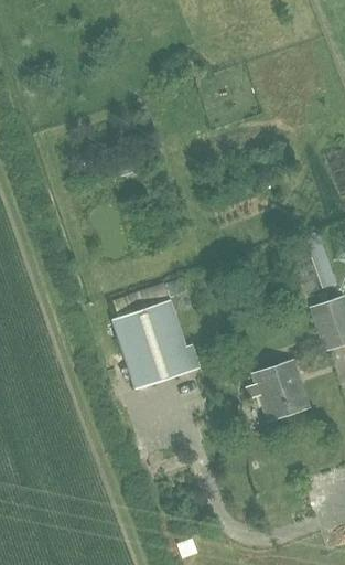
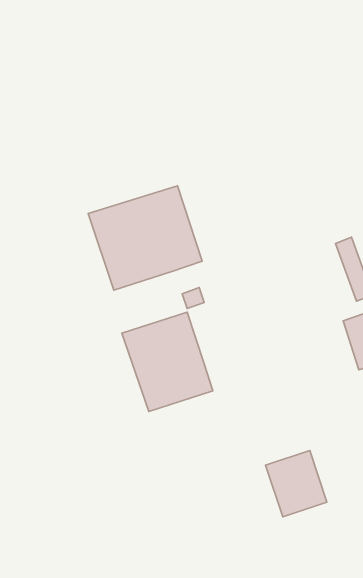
building: none -> [88,186,202,290]
building: [252,360,308,419] -> [265,451,327,517]

